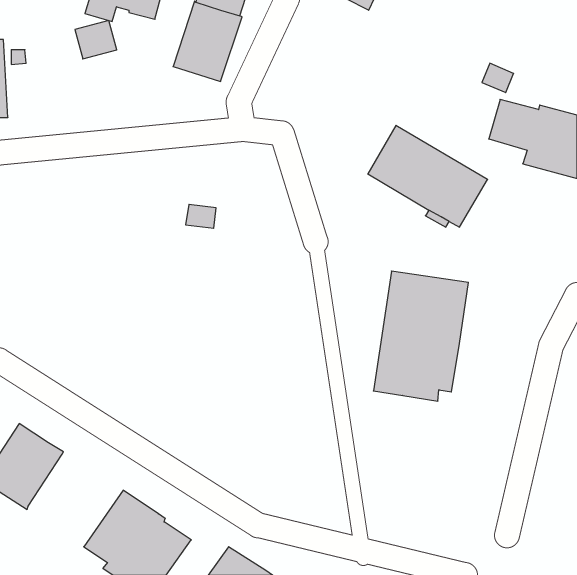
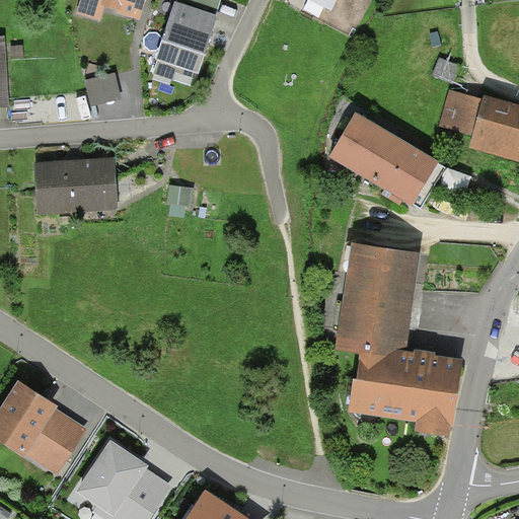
building: [75,21,117,59] -> [83,71,121,105]
building: none -> [33,157,118,214]
building: none -> [348,350,462,437]
building: none -> [25,407,86,474]

